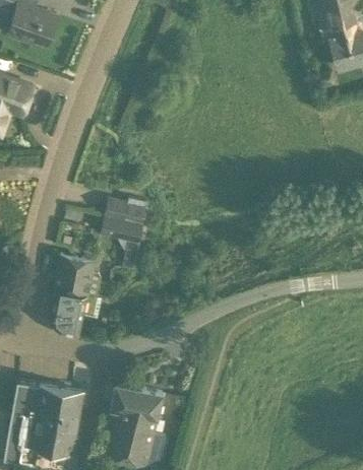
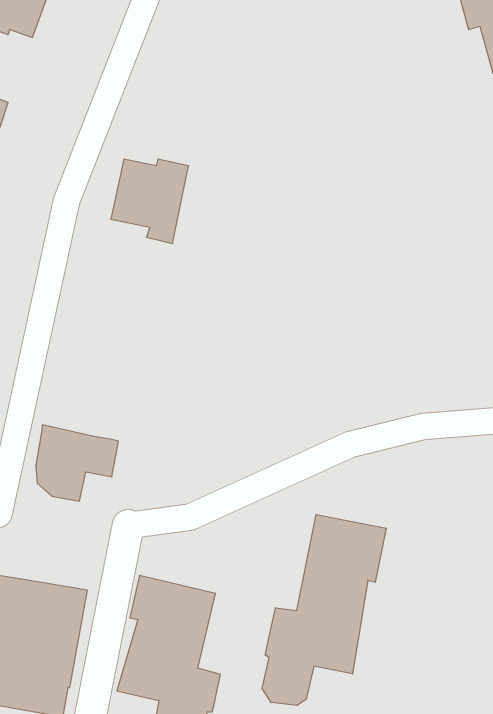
building: [100,196,148,249] -> [111,159,189,243]
building: [53,253,102,295] -> none
building: none -> [262,515,386,706]

